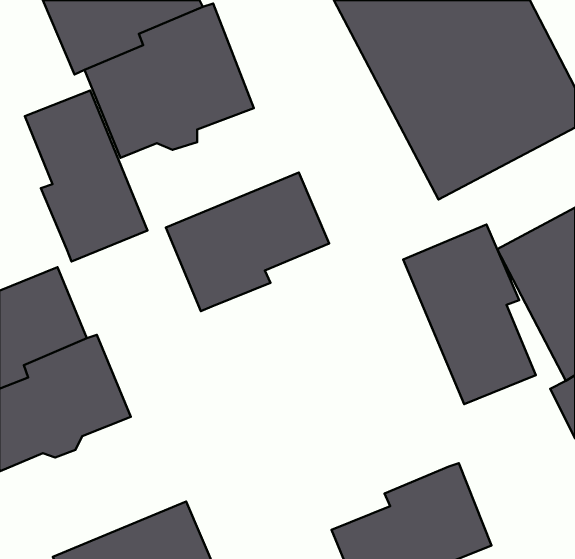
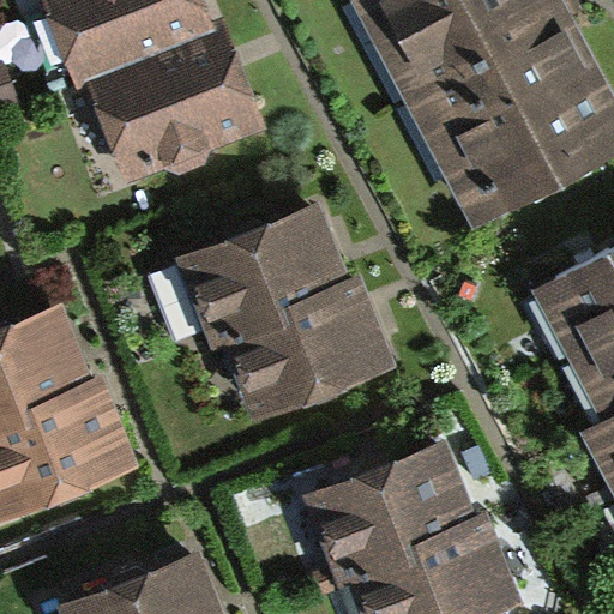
building: [25,90,148,261] -> none
building: [403,225,536,404] -> none
building: none -> [225,273,396,419]
building: none -> [305,439,477,586]

